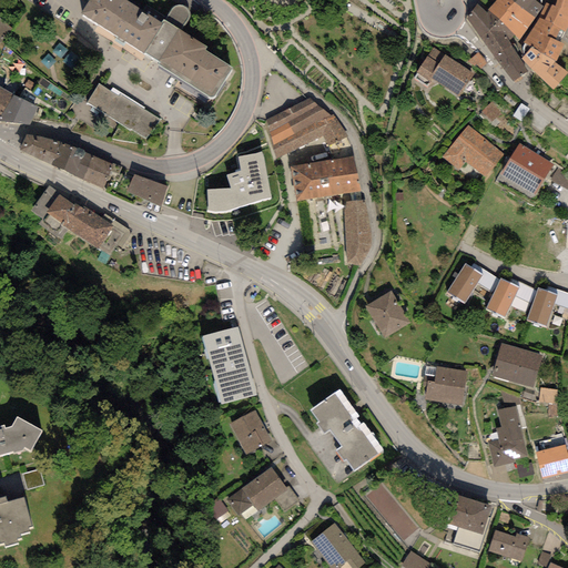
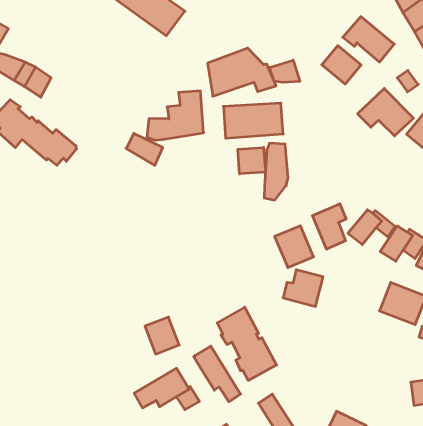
building: none -> [322,46,361,84]
building: [78,84,155,144] -> none
building: none -> [270,60,300,82]
building: [83,155,122,189] -> none
building: [126,173,168,206] -> [126,133,163,165]
building: none -> [238,147,265,174]
building: none -> [312,204,346,249]
building: [202,326,257,404] -> none
building: [425,365,467,404] -> [283,270,323,306]
building: [488,405,528,466] -> none
building: none -> [194,346,241,402]

